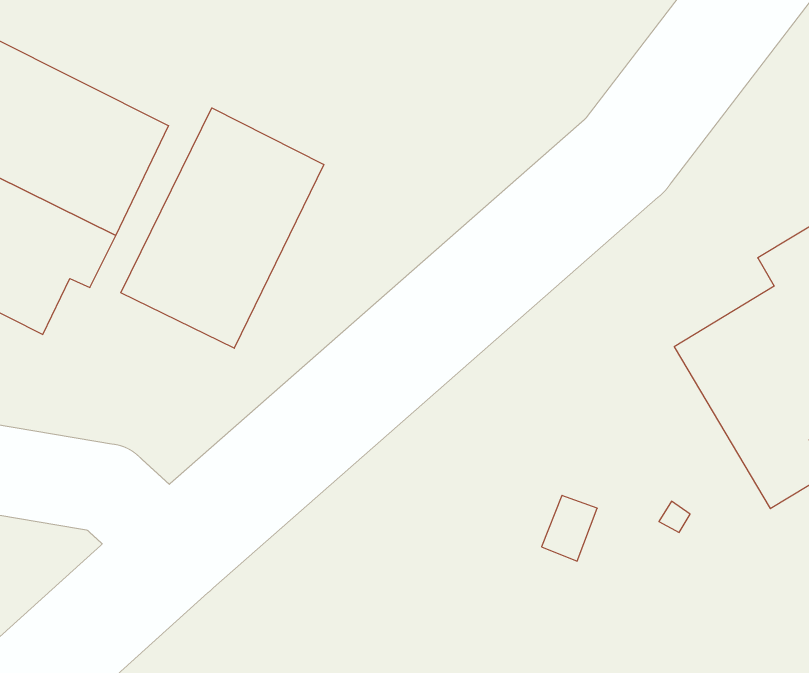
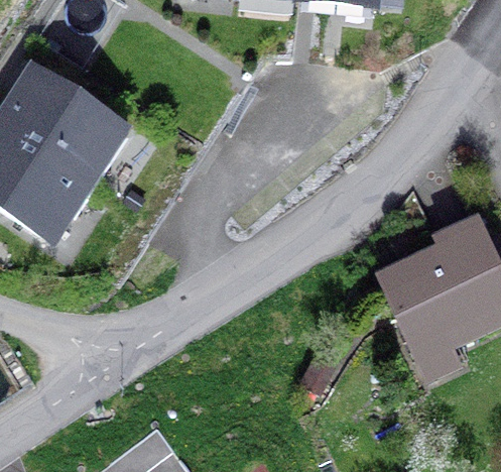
building: [121,108,324,348] -> none

